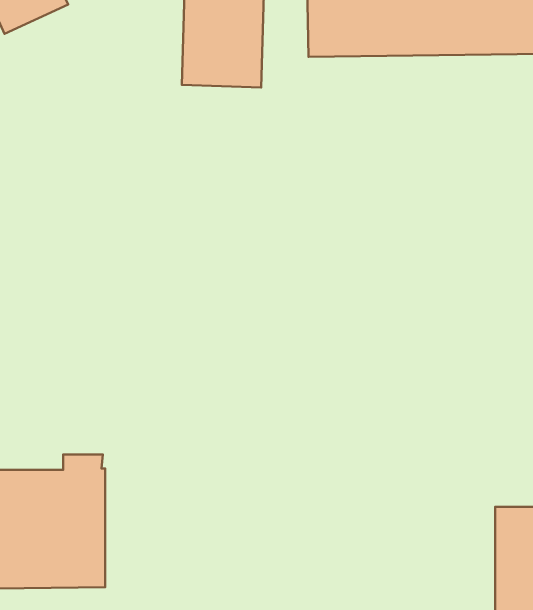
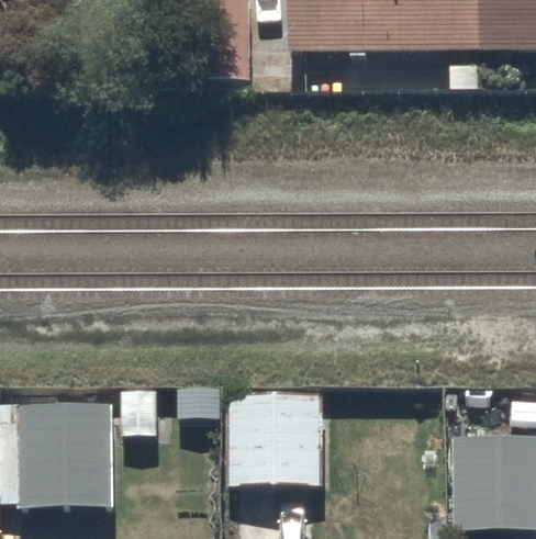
building: none -> [224,390,322,484]

